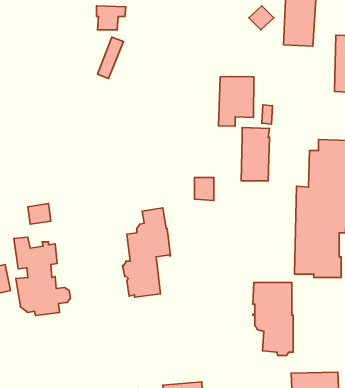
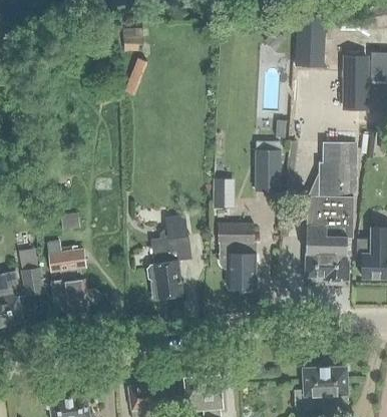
building: [218,76,254,126] -> none
building: [253,283,293,355] -> [219,224,256,291]

